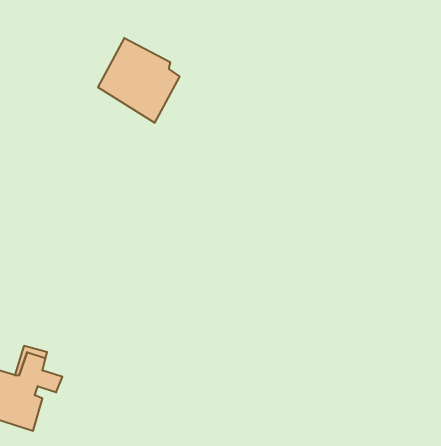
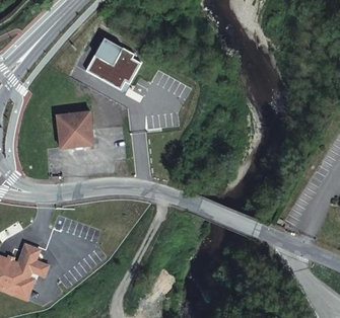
building: none -> [55,109,92,146]

